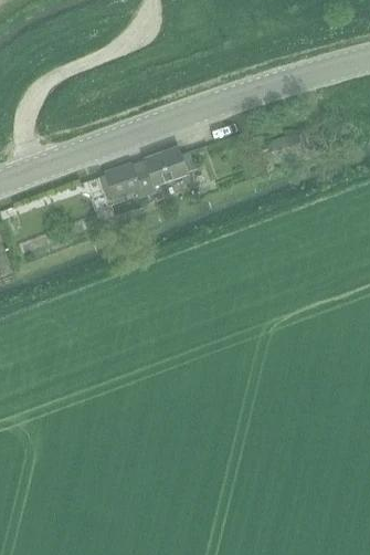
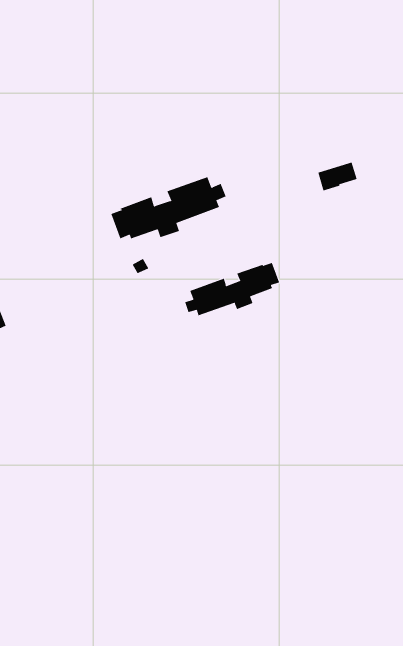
building: none -> [185,262,280,316]

